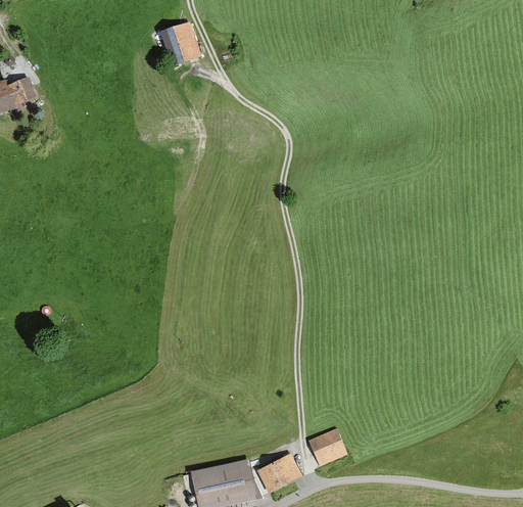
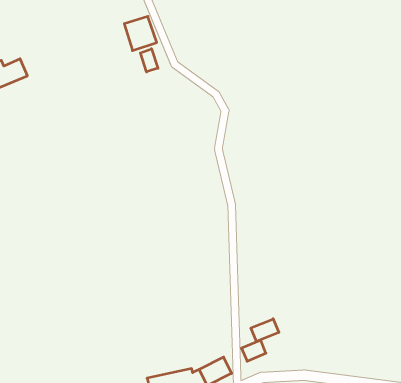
building: none -> [140,49,158,72]
building: none -> [251,319,279,342]

